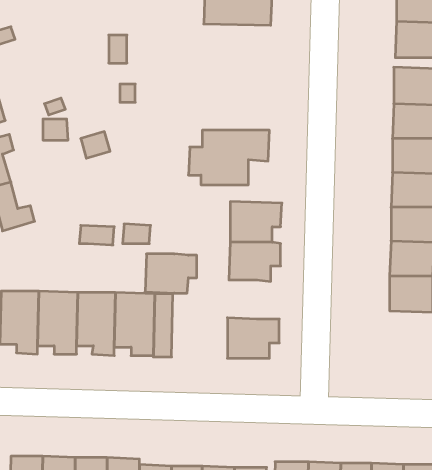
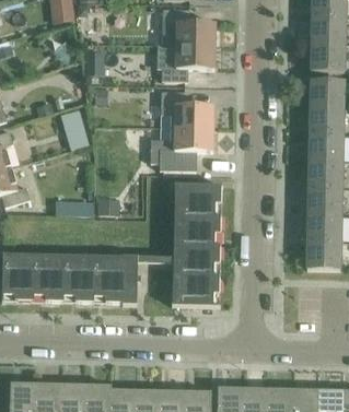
building: none -> [161,44,213,81]
building: none -> [160,91,212,127]
building: [145,254,197,293] -> [179,244,220,274]

